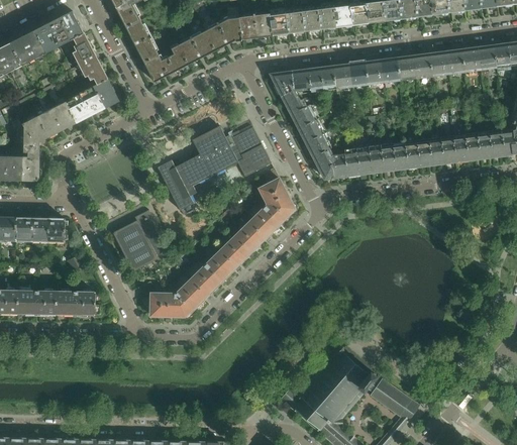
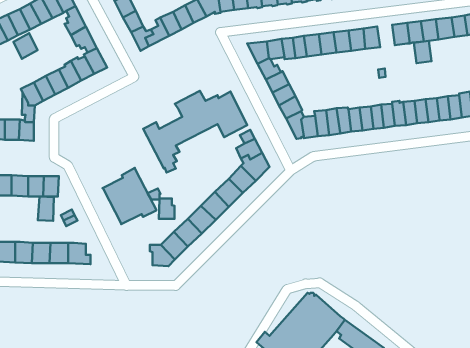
building: [412,53,431,78] -> [414,41,432,63]
building: none -> [13,33,37,59]
building: none -> [38,196,54,221]
building: [138,282,168,315] -> [148,188,174,219]

